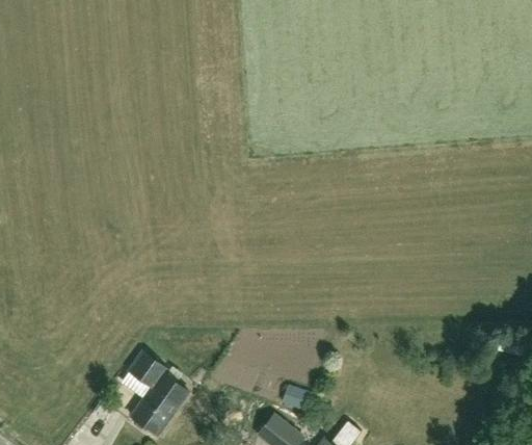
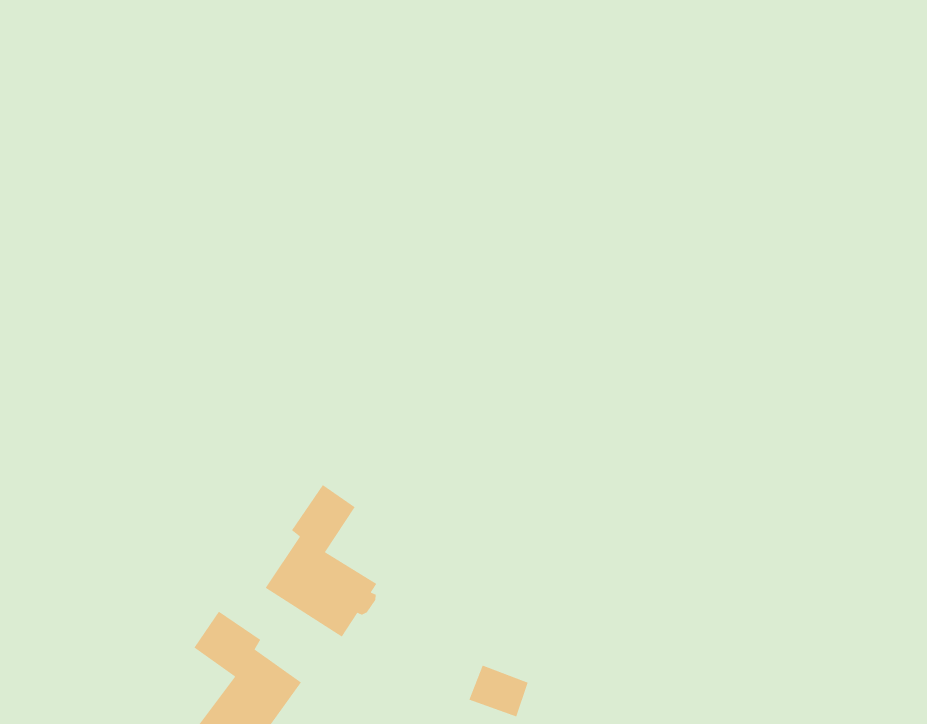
building: none -> [265,484,377,637]

